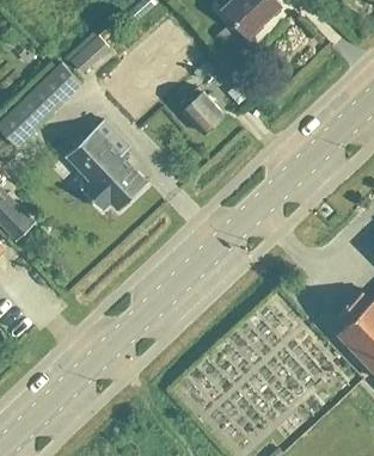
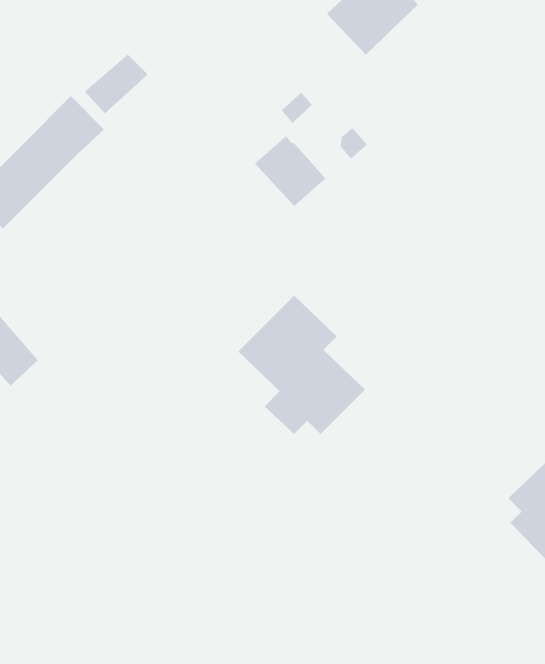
building: [65,122,146,210] -> [237,295,366,435]

